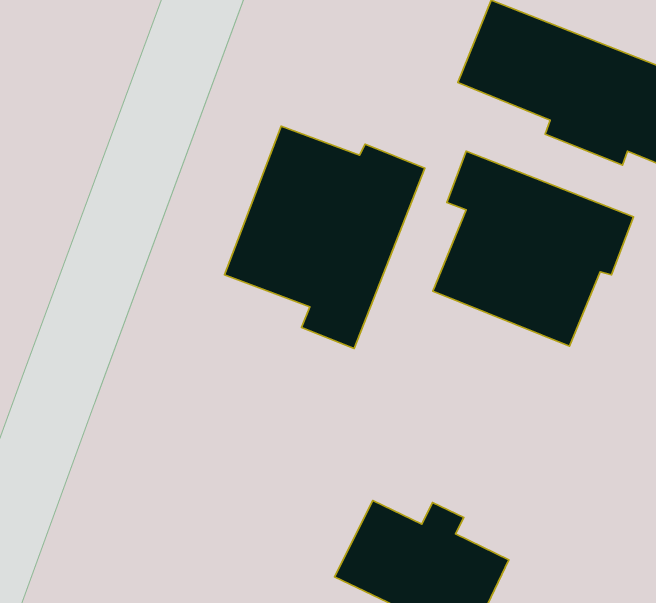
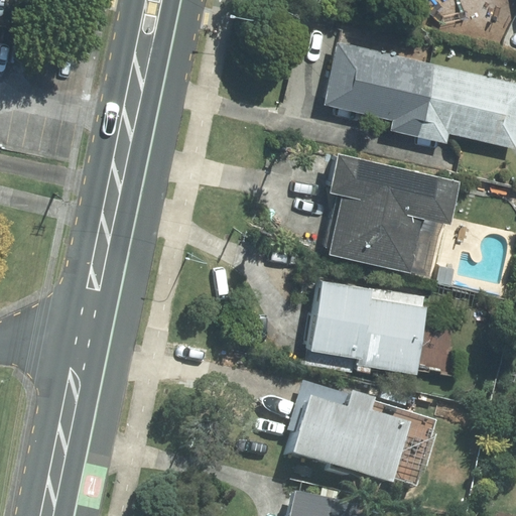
building: [225,126,425,349] -> none
building: none -> [309,278,426,373]

